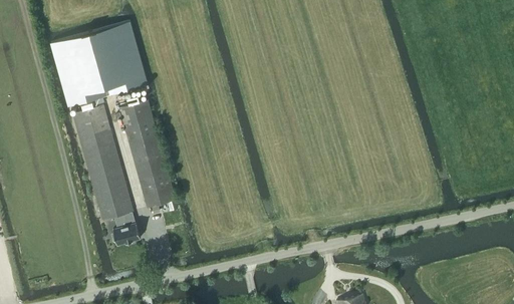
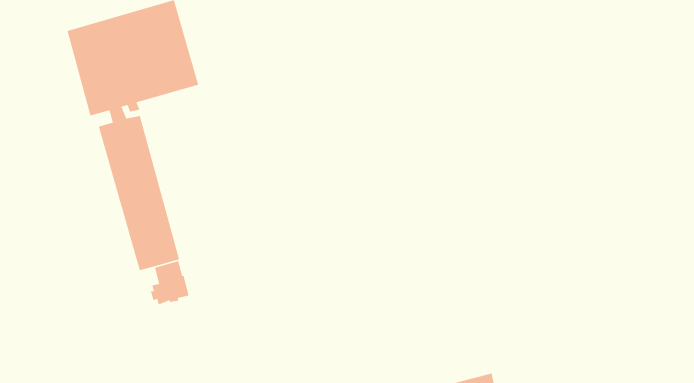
building: [119,100,176,208] -> none

